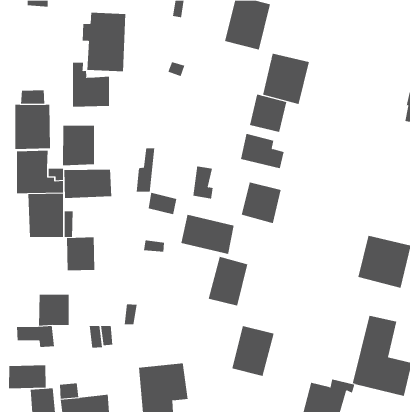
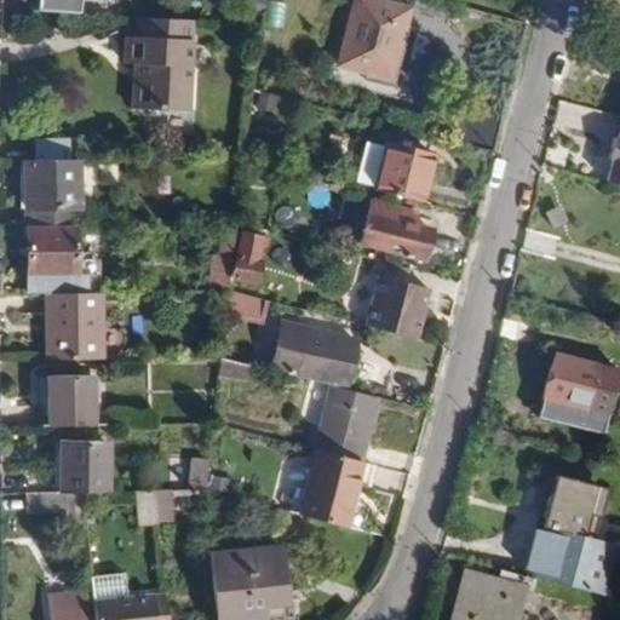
building: [262,53,310,105] -> none
building: [72,62,110,107] -> none
building: [63,125,95,166] -> none
building: [192,166,213,199] -> [236,231,268,281]
building: [64,169,112,199] -> none
building: [66,237,95,271] -> [50,374,93,425]
building: [232,326,274,376] -> [300,449,364,526]
building: [8,364,46,389] -> none

